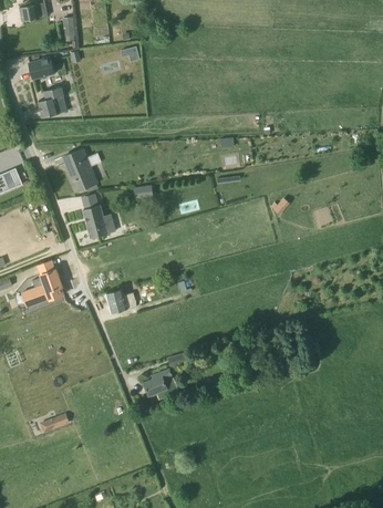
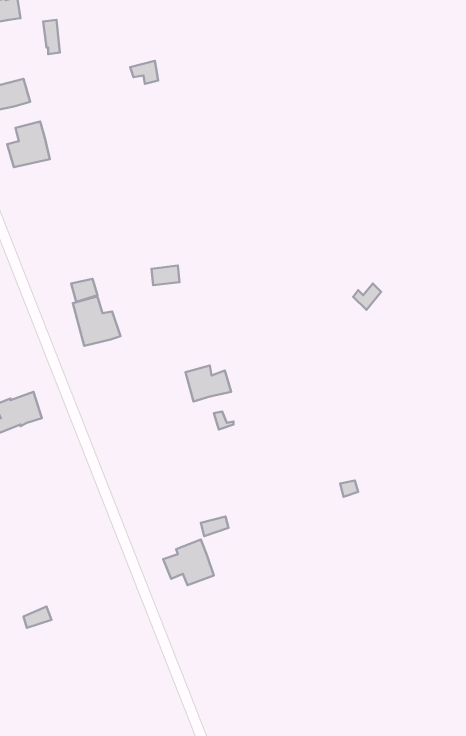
building: [63,148,100,191] -> none
building: [105,289,136,313] -> [185,366,231,402]

